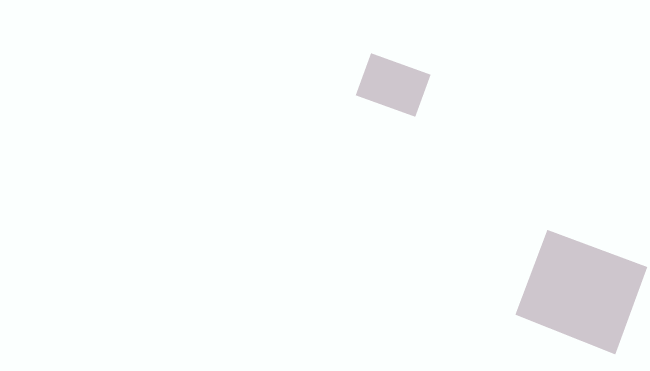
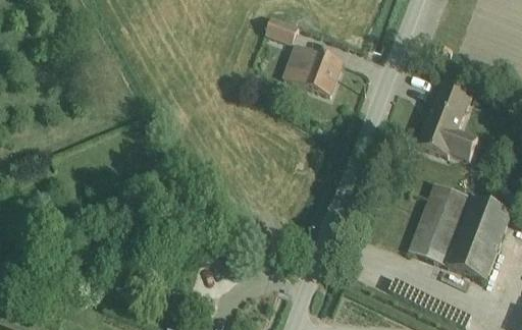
building: none -> [266,18,299,46]
building: none -> [418,79,479,161]

